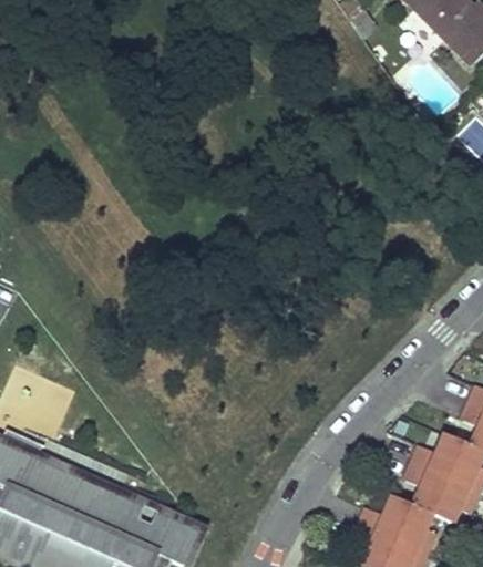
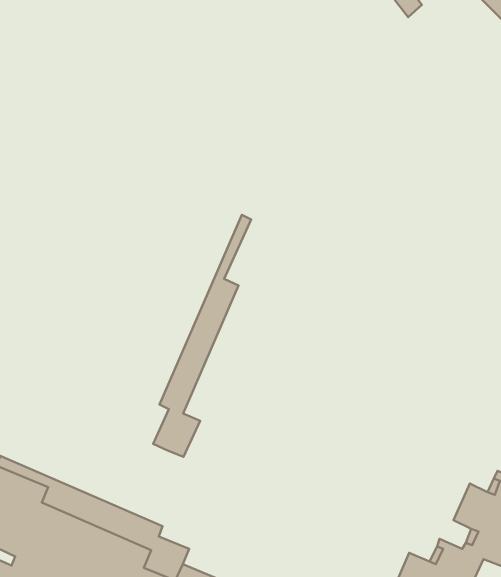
building: none -> [153,215,251,457]

